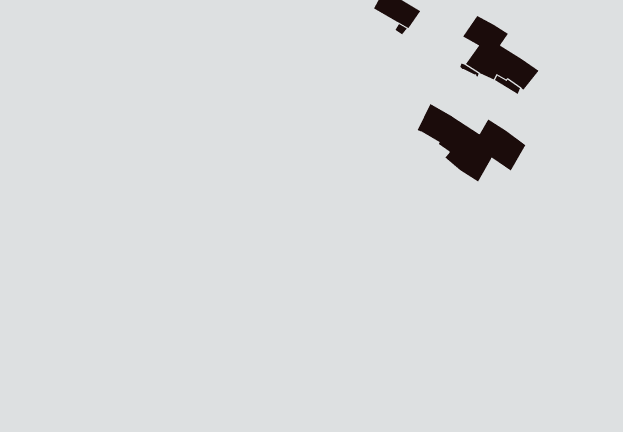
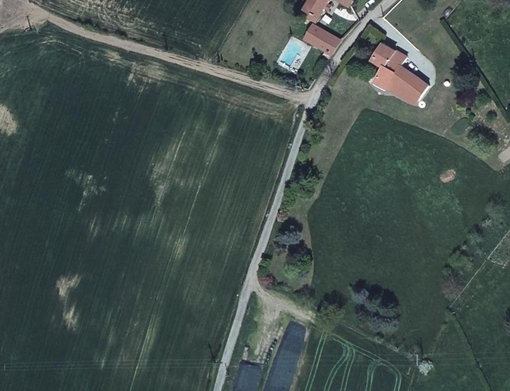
building: [417,103,526,182] -> none

